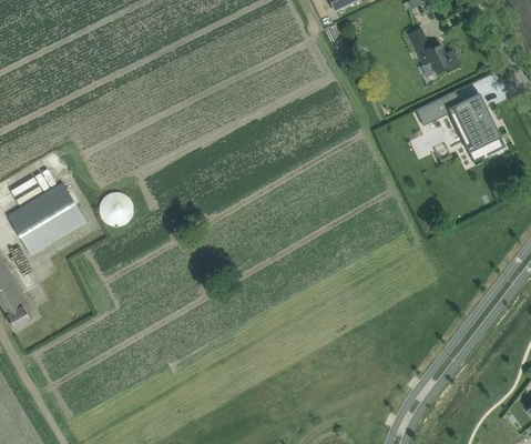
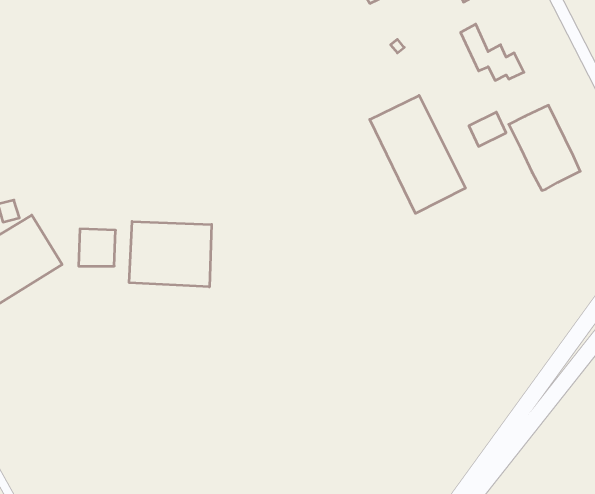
building: none -> [370,95,465,213]
building: none -> [129,221,212,287]

